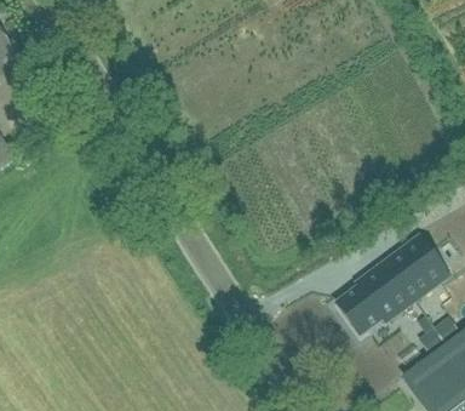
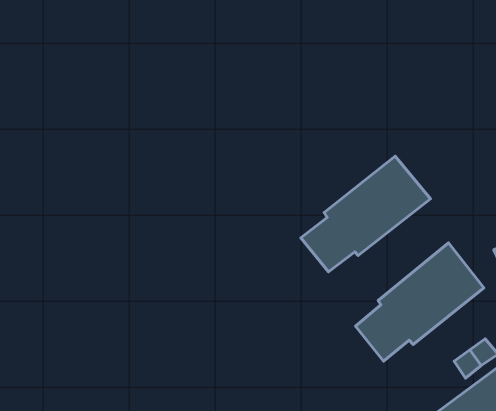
building: none -> [301,156,430,272]

